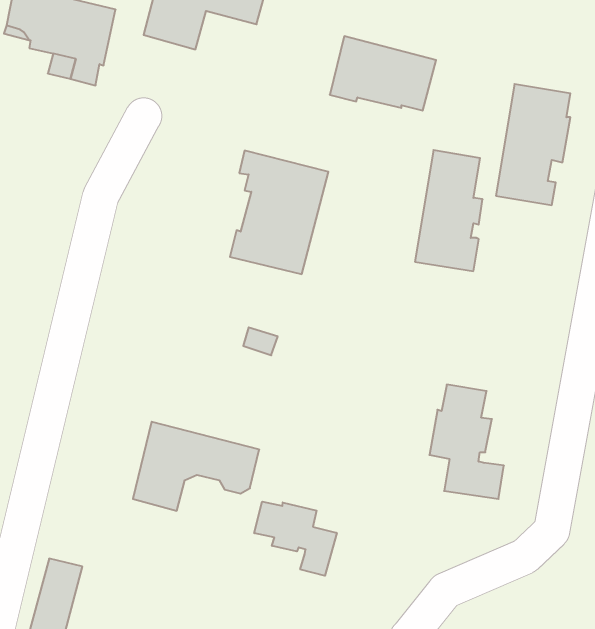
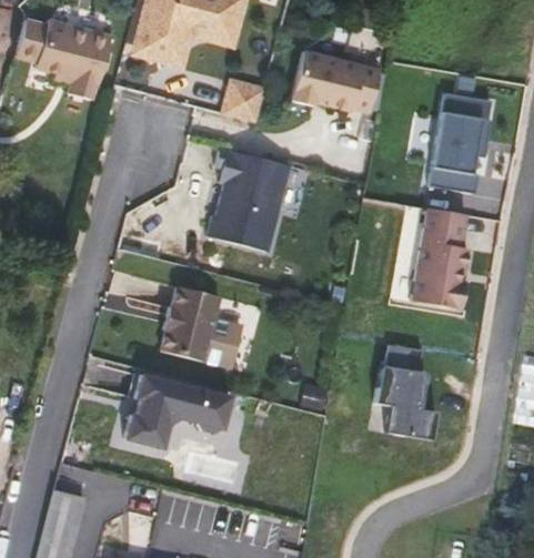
building: none -> [223,81,264,122]
building: [415,150,483,271] -> [412,207,468,308]
building: none -> [162,286,242,368]
building: [254,502,337,576] -> none

